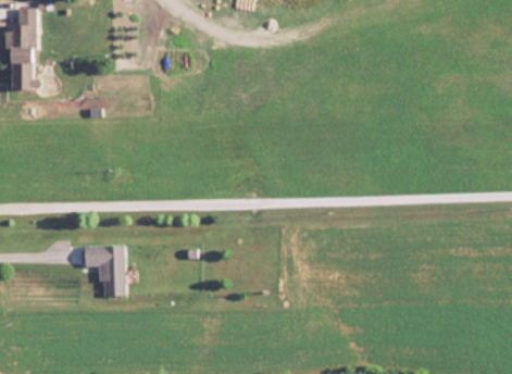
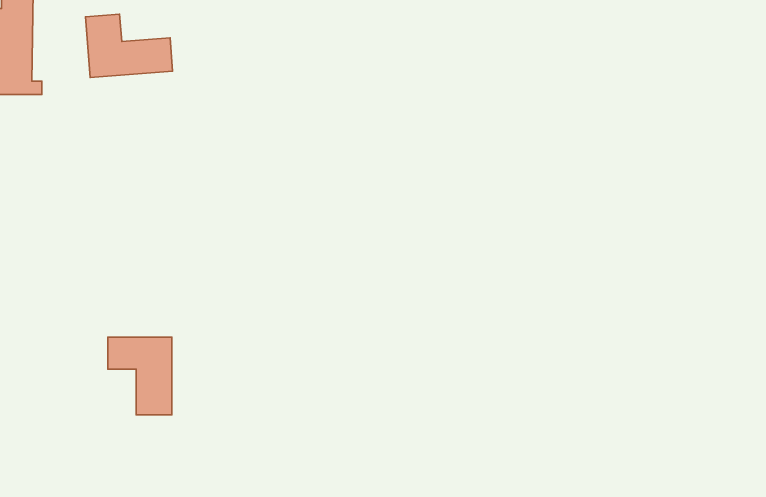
building: none -> [86,14,173,77]

